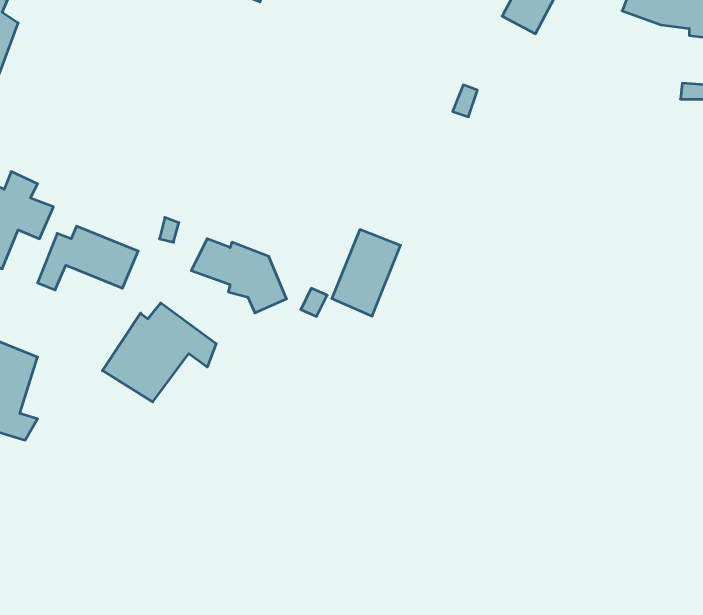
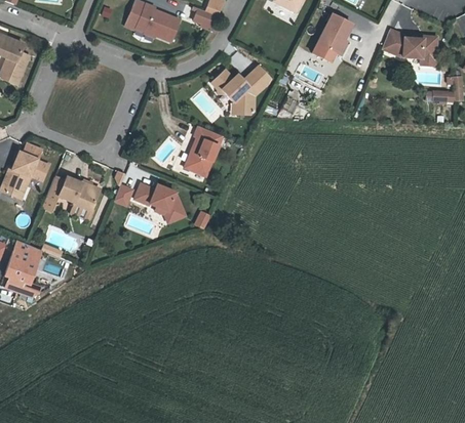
building: none -> [210,66,269,116]
building: [332,230,401,316] -> [182,127,222,177]
building: [102,303,216,402] -> none

